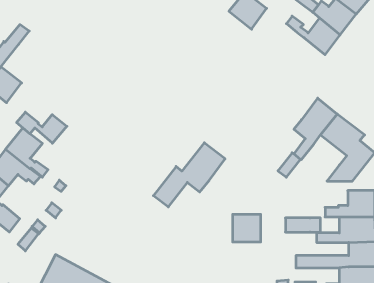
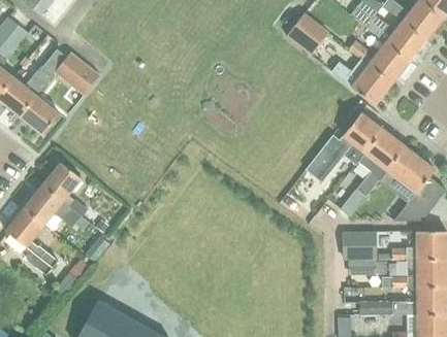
building: none -> [56,50,100,93]
building: none -> [331,60,391,103]
building: [17,112,67,143] -> none
building: [153,143,225,207] -> [305,111,383,181]
building: [233,214,261,242] -> [344,230,375,260]

